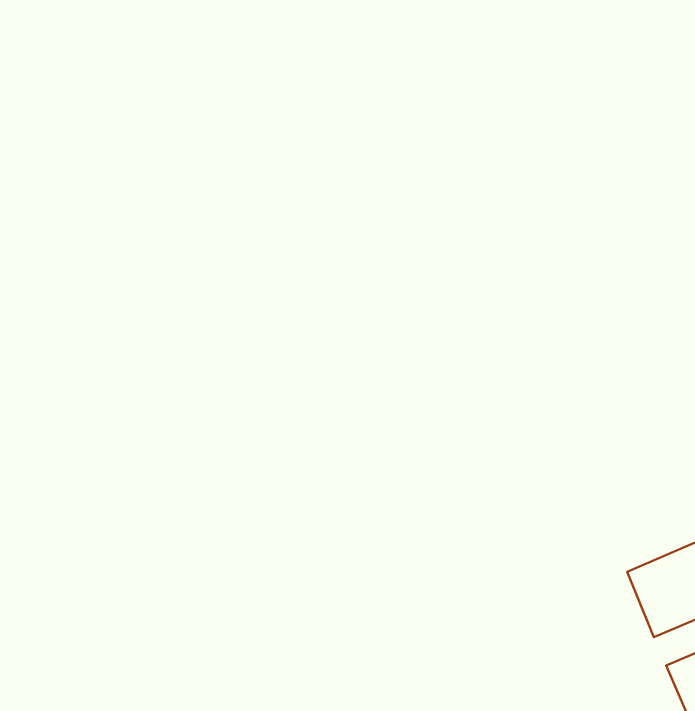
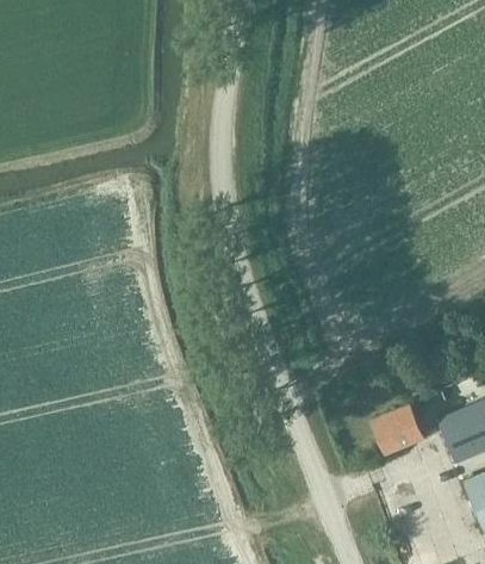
building: none -> [373,407,422,452]

